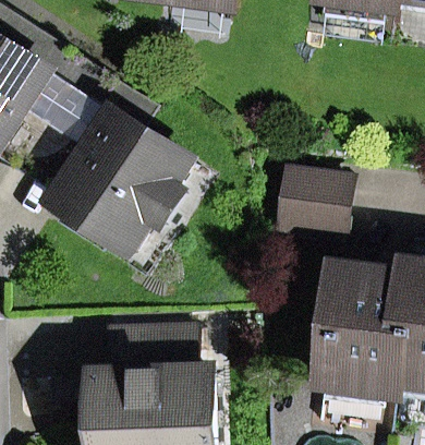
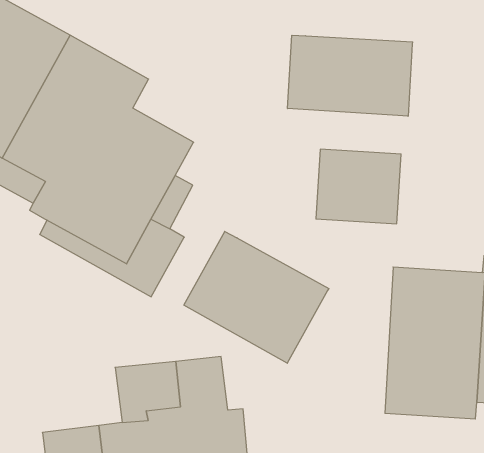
building: none -> [288,35,413,116]
building: none -> [184,231,329,363]

